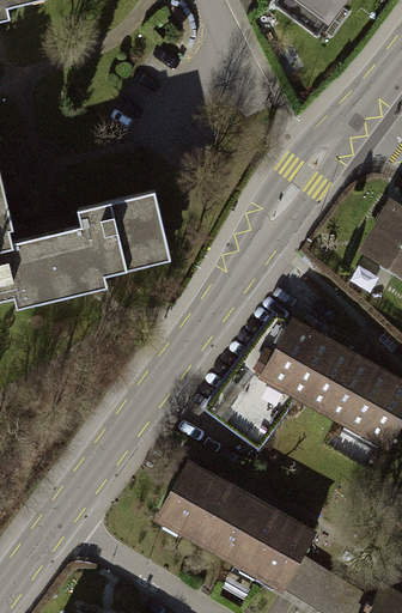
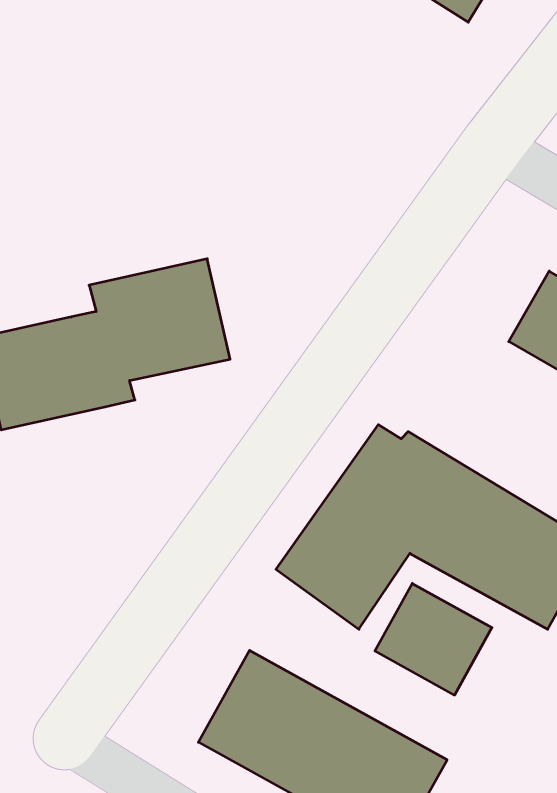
building: none -> [375,583,492,695]

